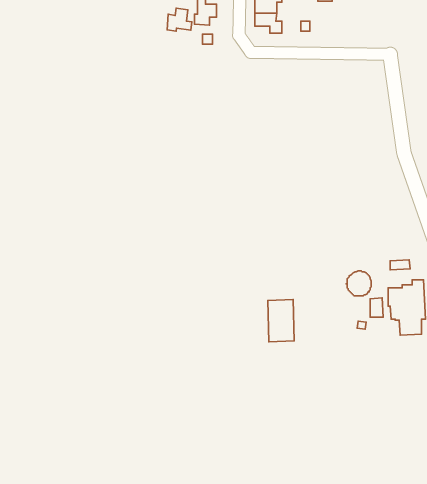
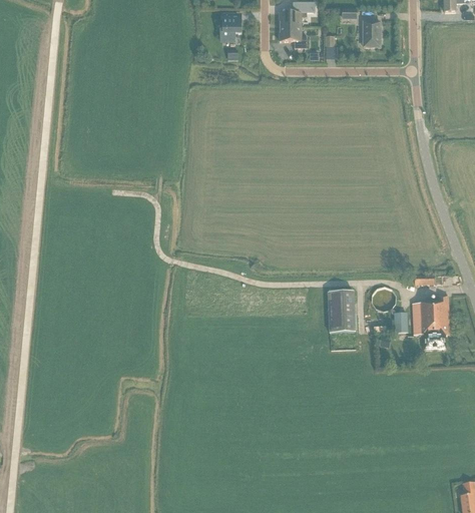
building: none -> [364,21,380,46]
building: [167,8,192,31] -> none
building: [268,300,294,342] -> [329,291,355,333]

